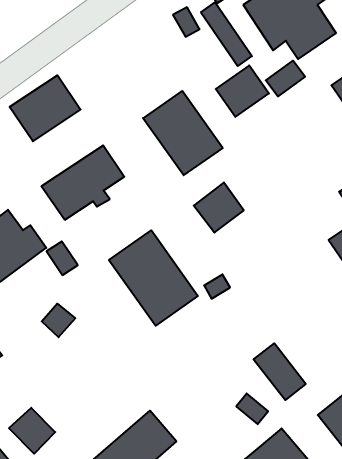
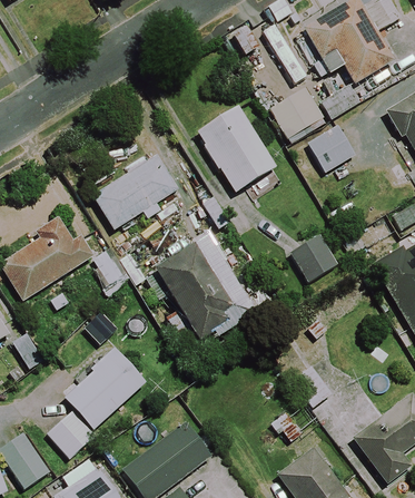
building: [10,75,81,141] -> none
building: none -> [308,123,357,172]
building: [194,182,244,233] -> [288,234,337,283]
building: none -> [65,348,146,429]

